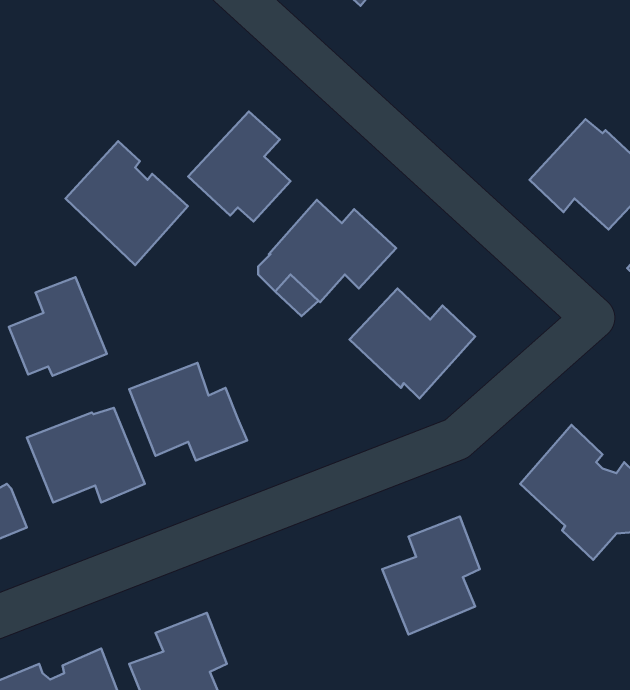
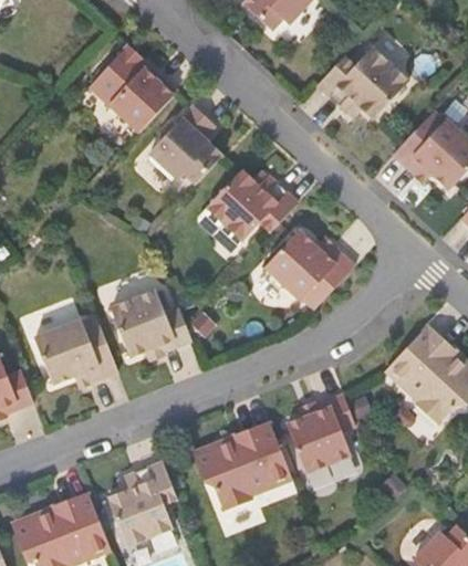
building: none -> [313,51,405,122]
building: [65,141,188,265] -> [90,44,177,133]
building: [9,277,107,376] -> none
building: none -> [193,428,292,510]

